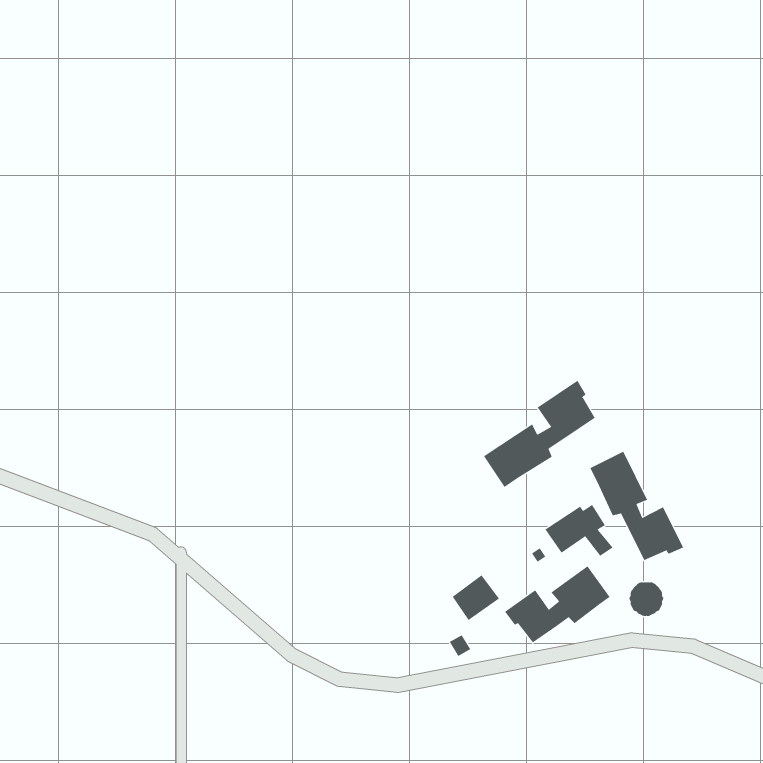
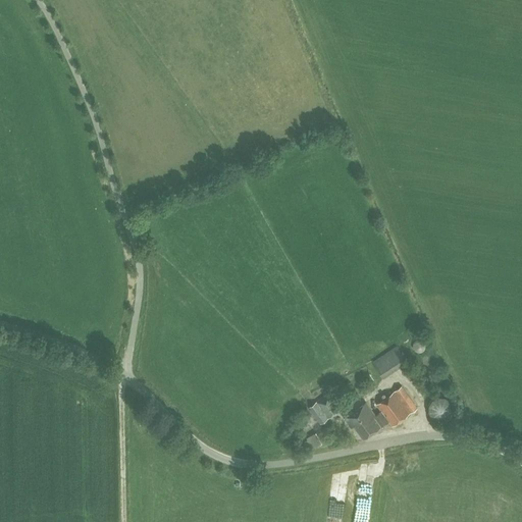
building: [483,380,596,488] -> none
building: [590,451,684,561] -> none

